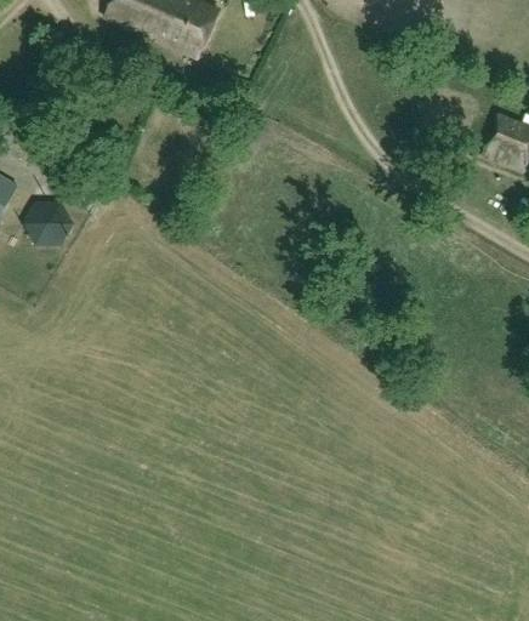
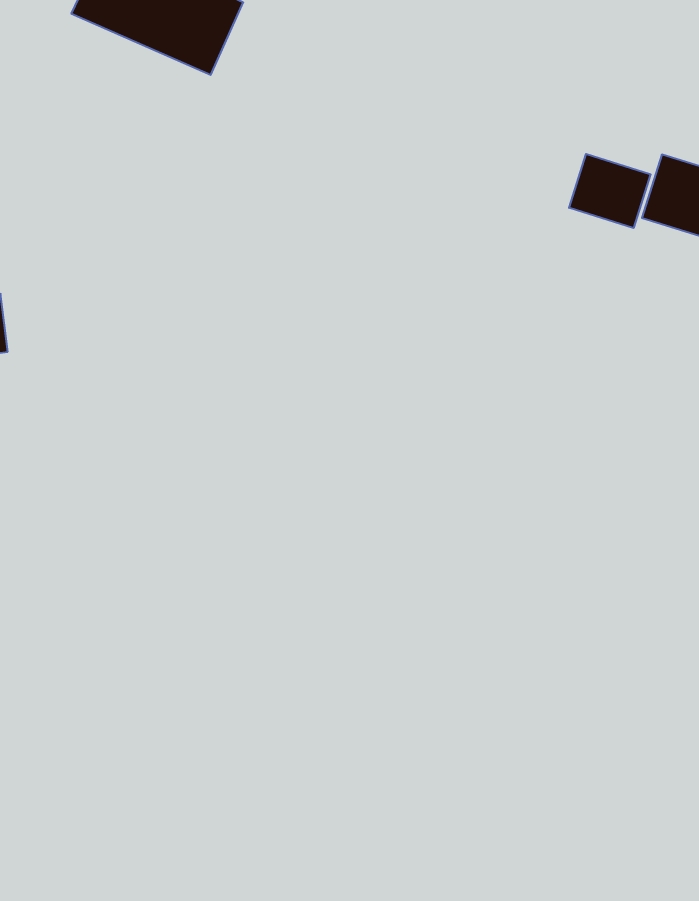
building: none -> [569,154,651,228]

